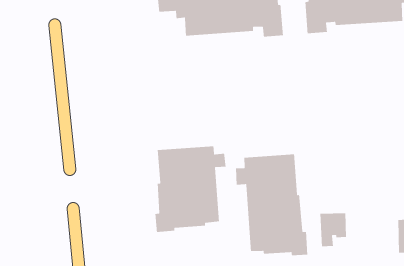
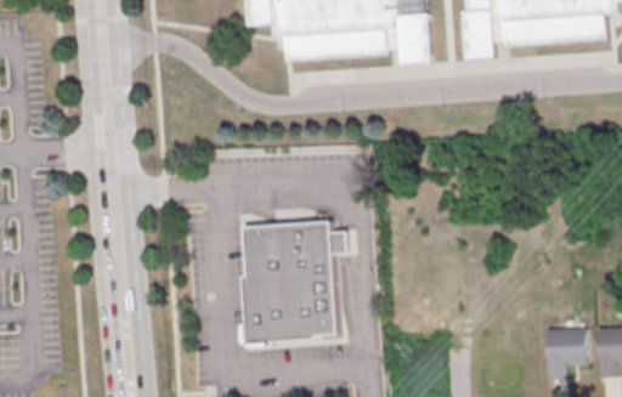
building: [235,153,308,256] -> none
building: [320,212,347,247] -> [544,329,584,380]

